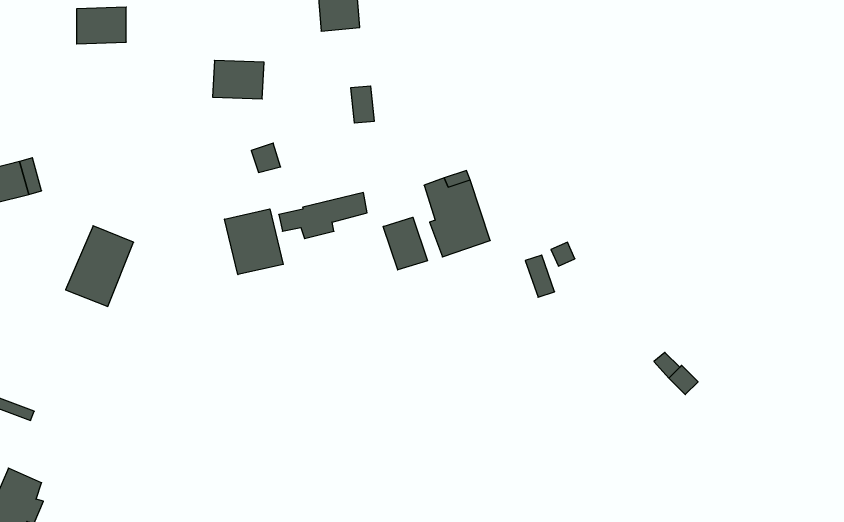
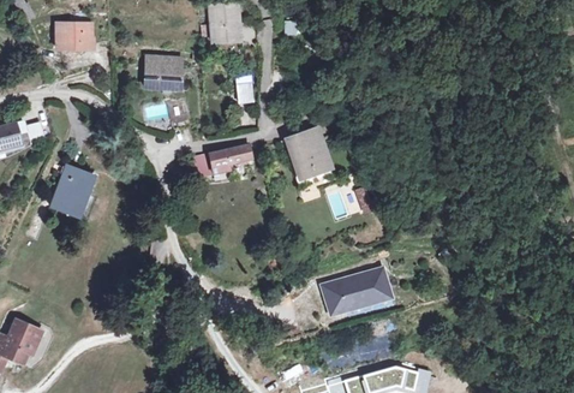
building: [225,209,283,275] -> none
building: [383,217,427,270] -> none
building: none -> [318,267,388,314]

